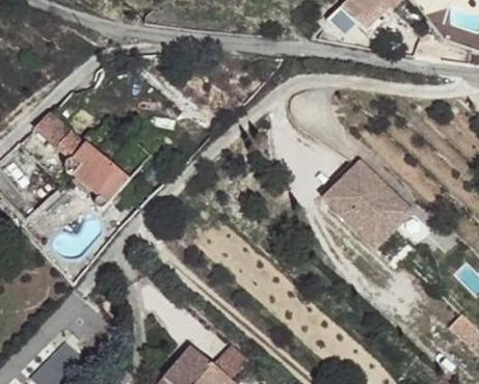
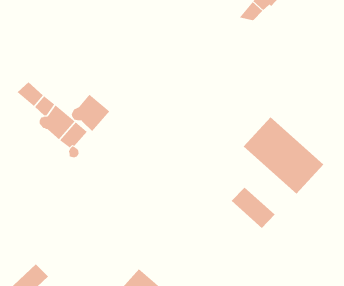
building: none -> [71,94,110,132]
building: none -> [231,187,275,229]

